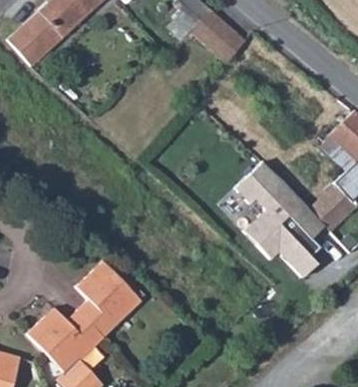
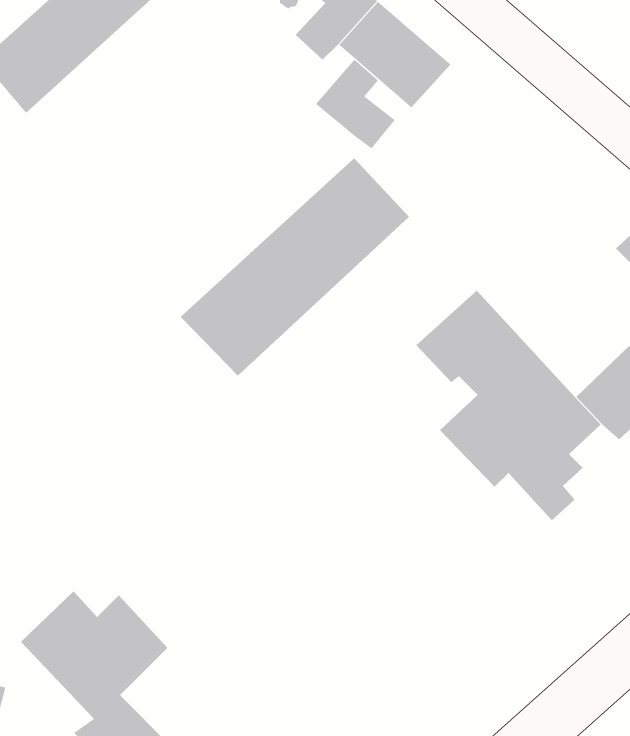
building: none -> [315,59,395,149]
building: none -> [180,158,410,376]
building: [76,261,141,337] -> none

